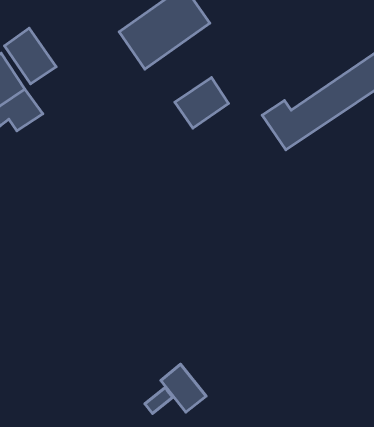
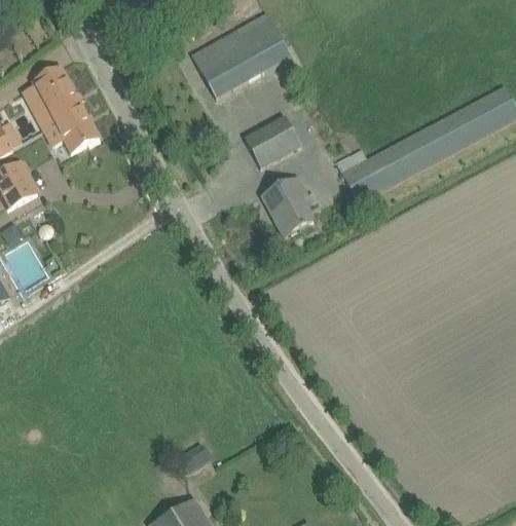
building: [5,28,56,84] -> none
building: none -> [261,176,314,236]
building: [161,364,206,412] -> none

